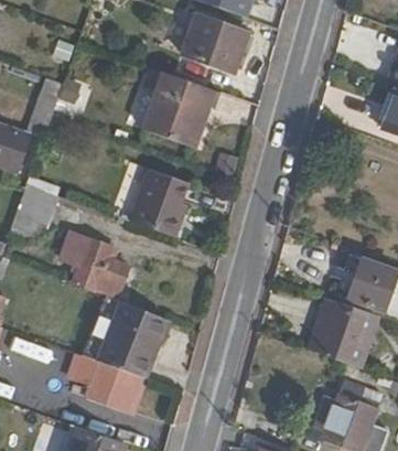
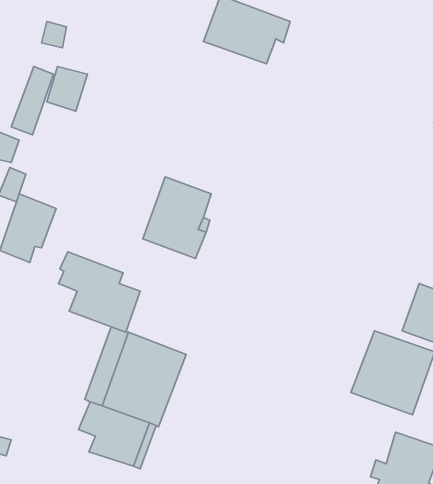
building: [141,66,218,147] -> none

